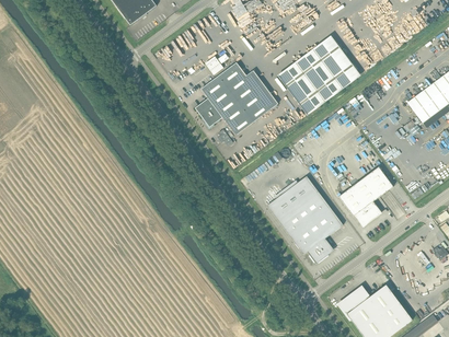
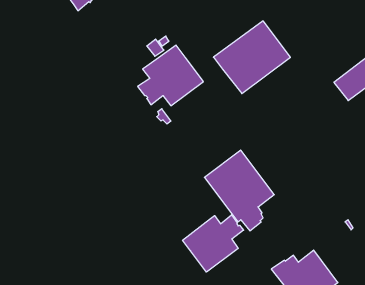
building: [231,69,278,133] -> none
building: [338,165,393,225] -> none
building: none -> [183,215,244,272]

